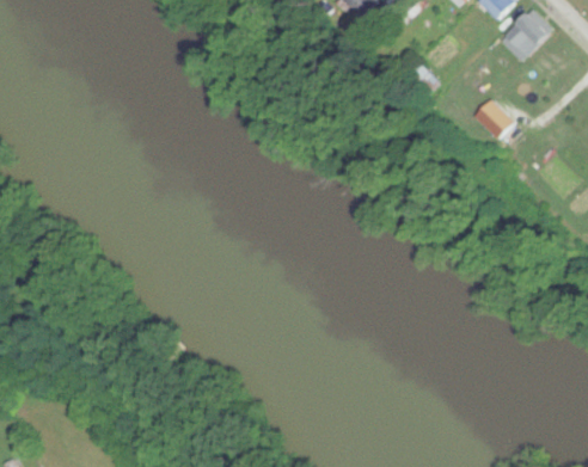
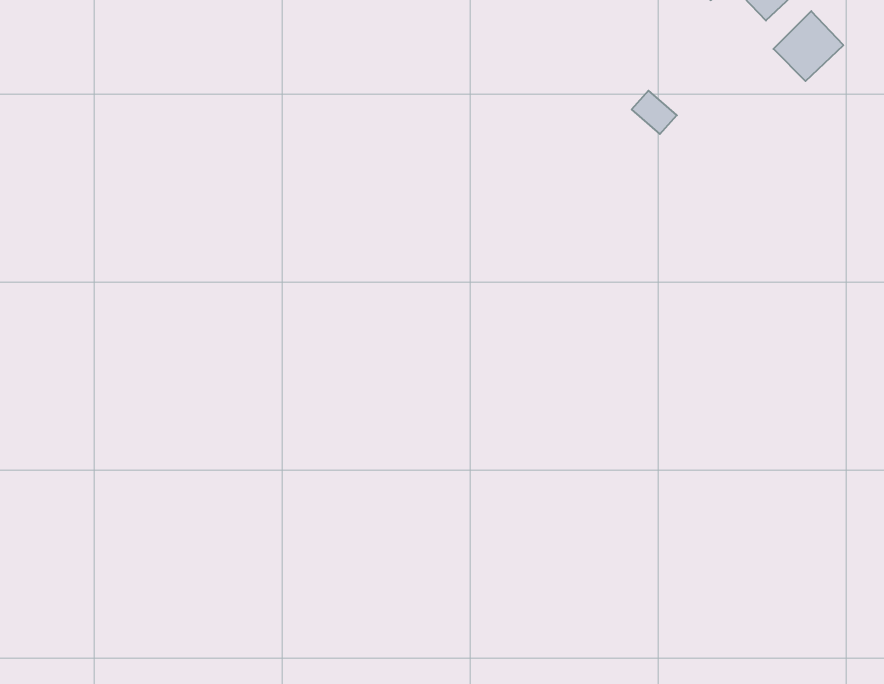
building: [476,99,514,139] -> none

